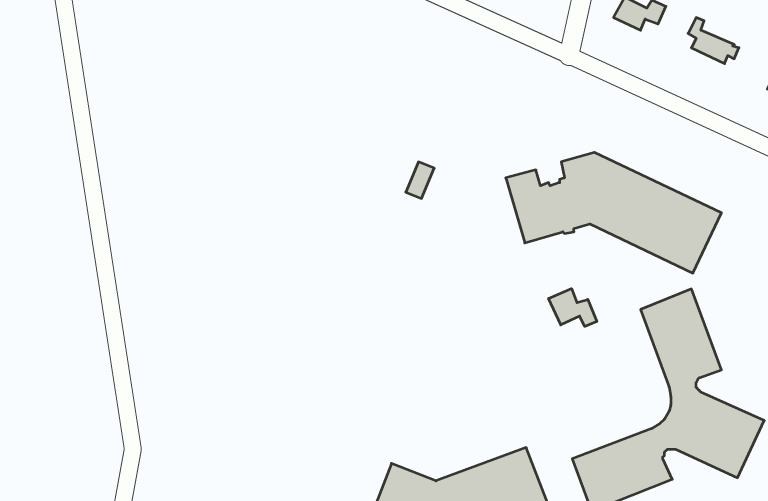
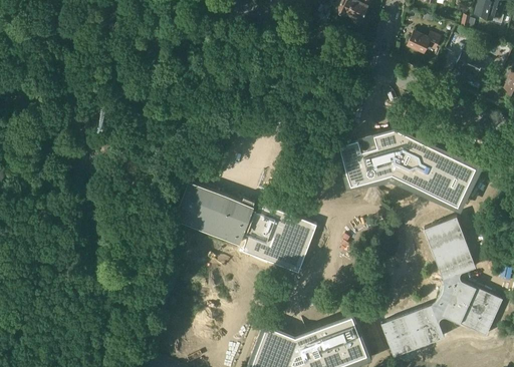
building: none -> [175,181,316,274]
building: [549,289,597,326] -> none

